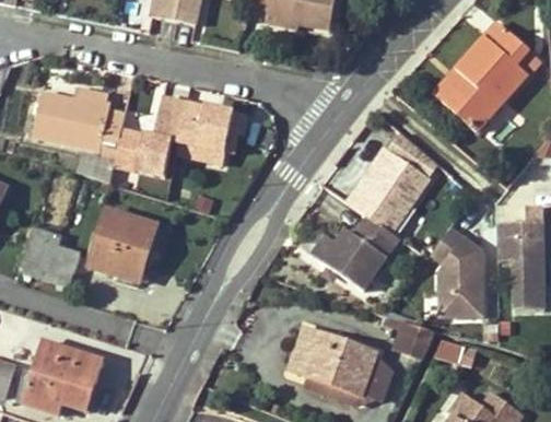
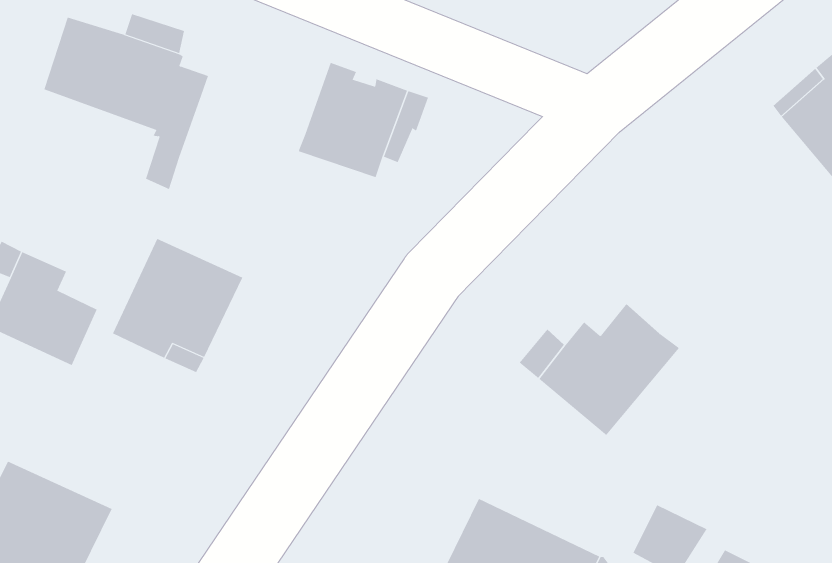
building: [113,95,188,175] -> none
building: [343,143,425,225] -> none
building: [430,225,483,316] -> none

